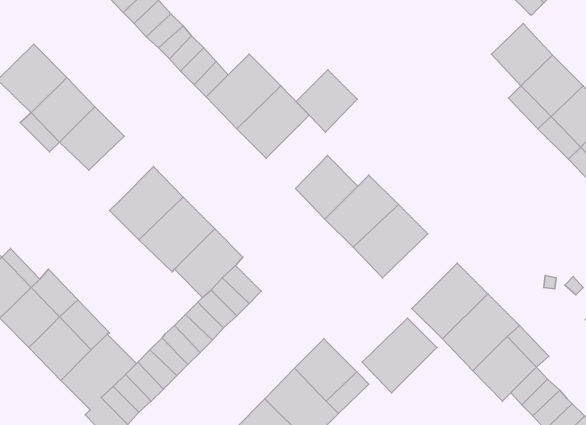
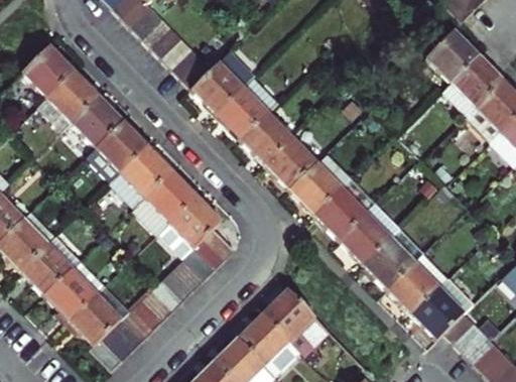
building: [296,70,357,132] -> [241,112,291,163]
building: none -> [95,120,148,173]
building: [362,318,437,393] -> [337,201,398,262]

